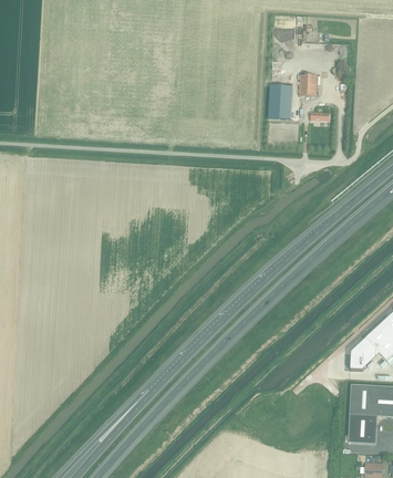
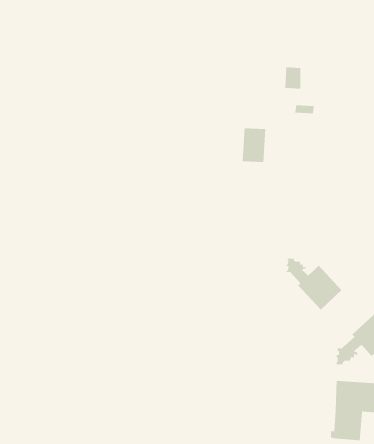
building: [268,84,292,118] -> [242,128,266,162]
building: none -> [286,258,342,310]

